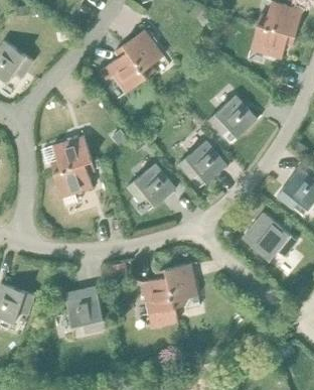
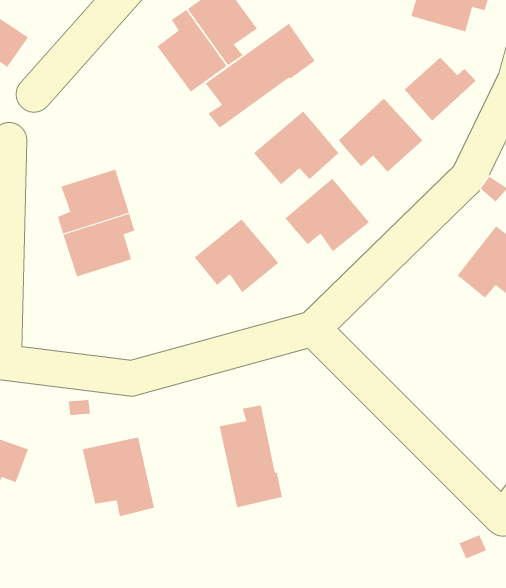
building: none -> [205,23,316,128]
building: none -> [404,57,477,122]
building: none -> [253,110,339,185]
building: [242,214,297,261] -> none
building: [165,264,197,308] -> none

